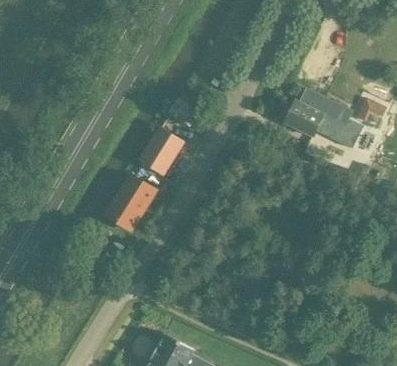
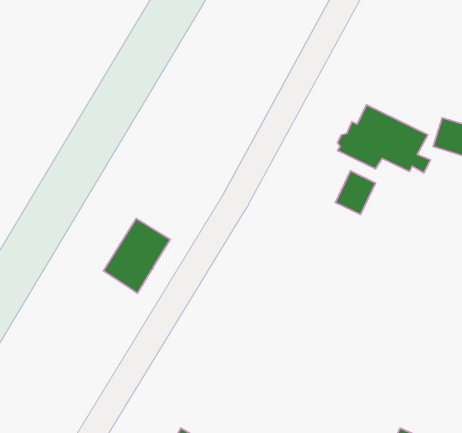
building: [140,127,185,175] -> none
building: none -> [336,171,376,215]

